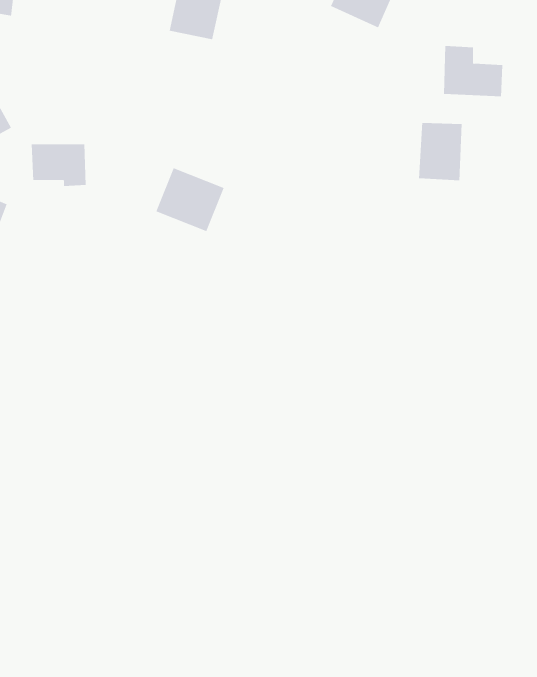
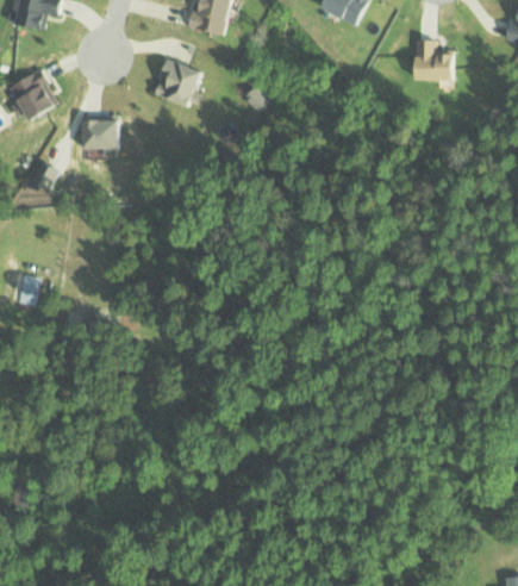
building: [418,122,462,181] -> none
building: [155,167,224,232] -> [150,56,206,108]

